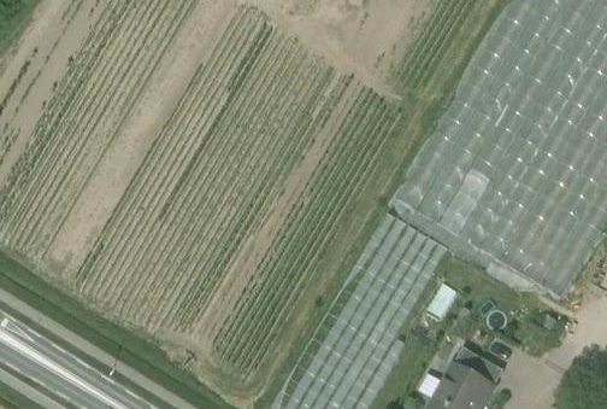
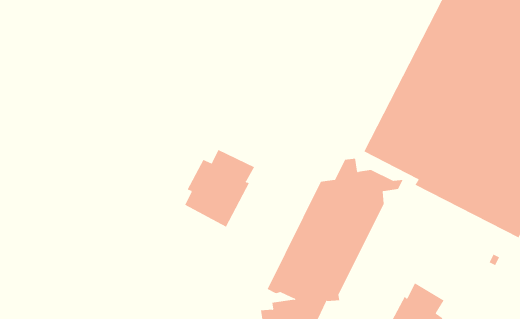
building: none -> [185,149,255,228]

